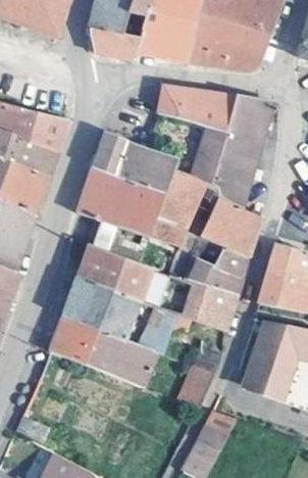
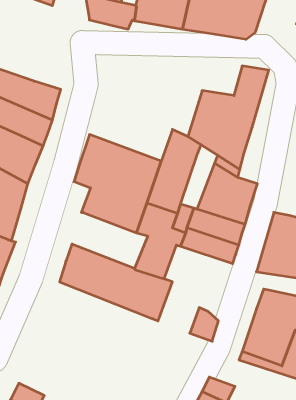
building: [157,84,245,127] -> none
building: [93,132,175,192] -> none
building: [75,243,151,299] -> none
building: [167,276,236,330] -> none
building: [48,313,156,386] -> none
building: [176,364,215,409] -> none

